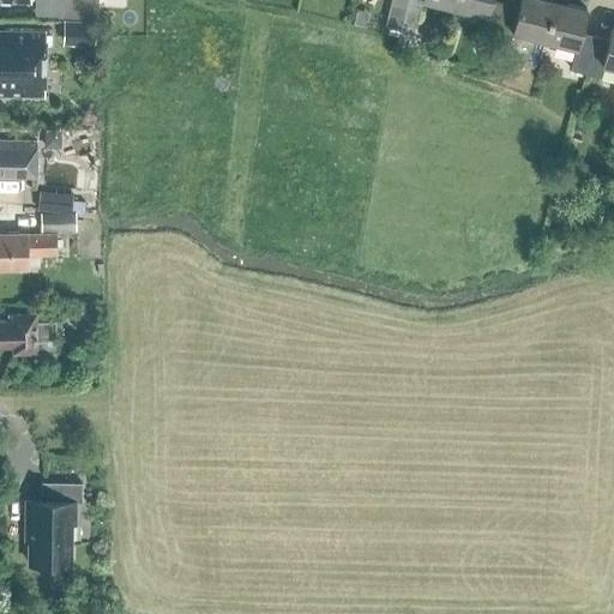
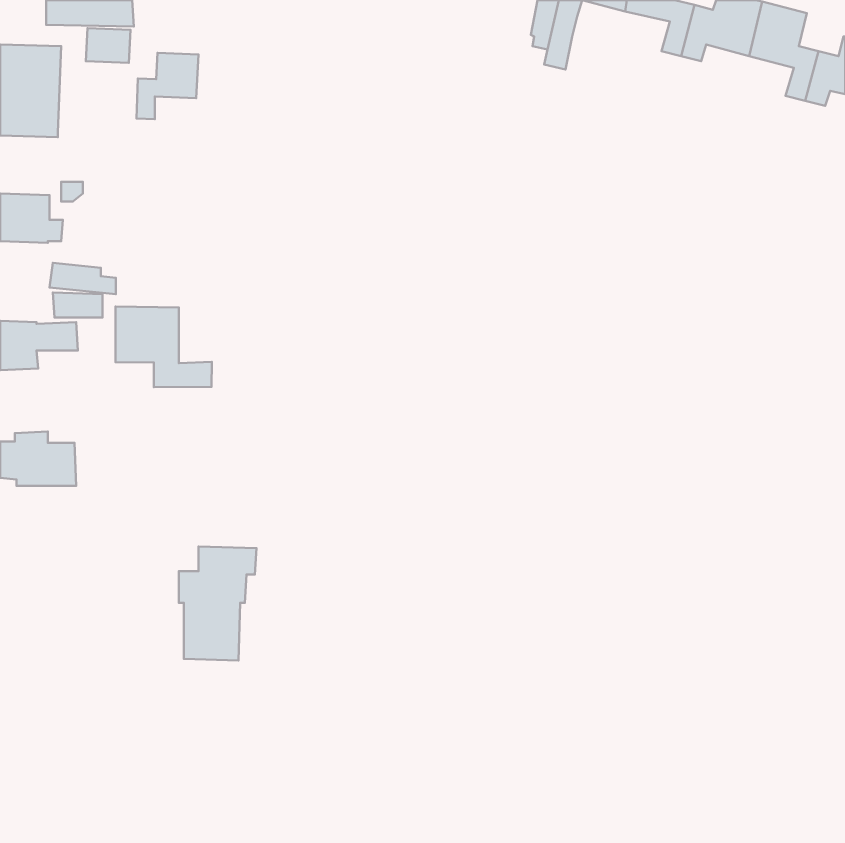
building: none -> [137,53,199,119]
building: none -> [116,306,212,387]
building: [25,483,82,566] -> [179,546,257,661]

